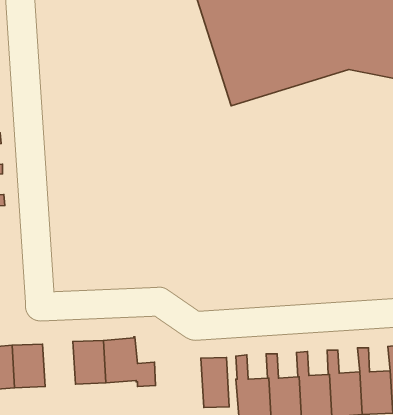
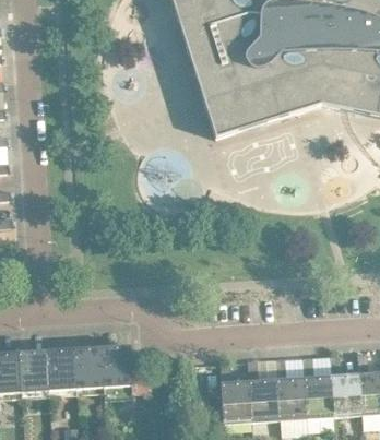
building: none -> [46,348,75,389]
building: [201,357,229,408] -> none

